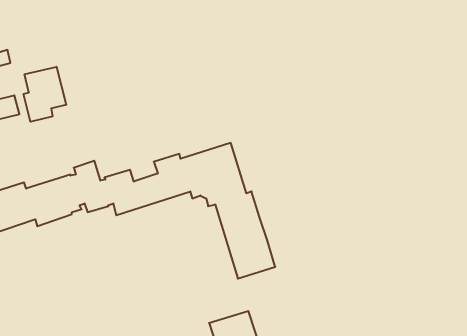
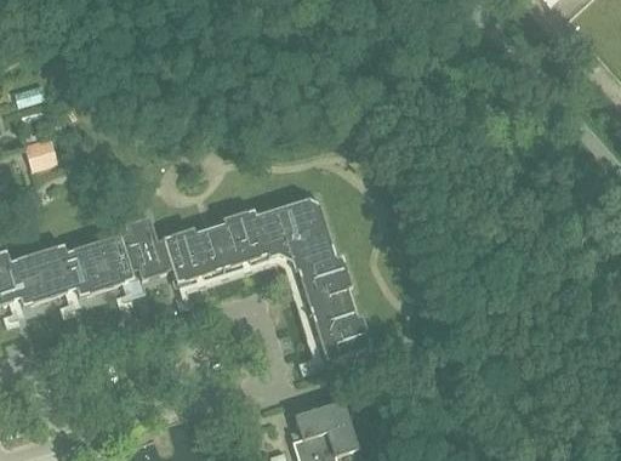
building: [24,67,66,122] -> none

